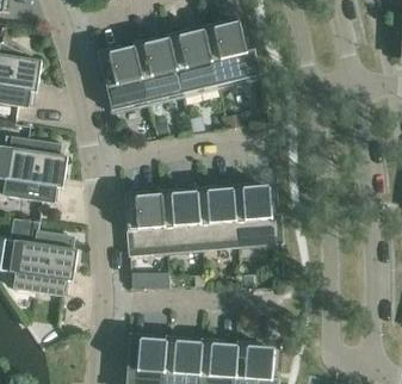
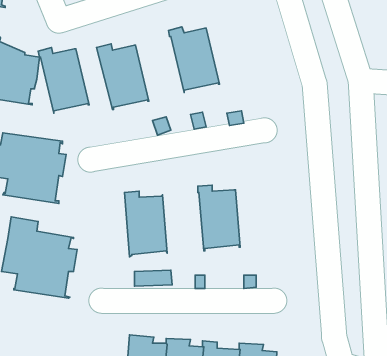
building: [202,23,260,87] -> none
building: [132,39,183,104] -> [38,48,89,113]
building: [231,184,282,247] -> none
building: [160,190,202,253] -> none

